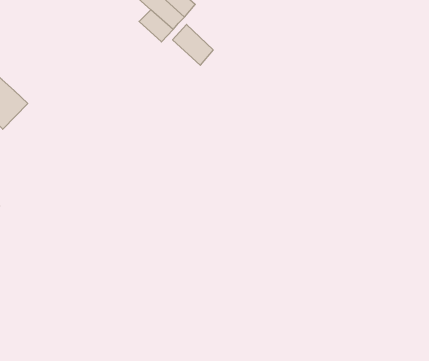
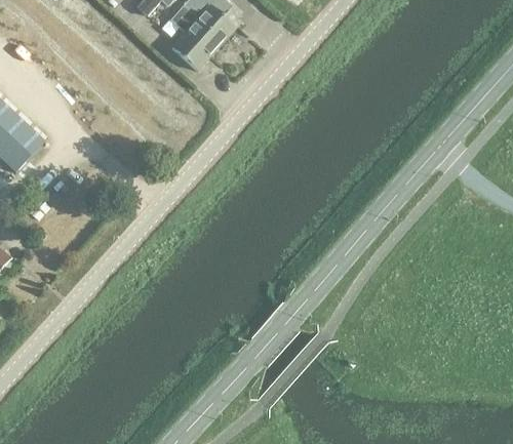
building: [173,24,213,65] -> none

